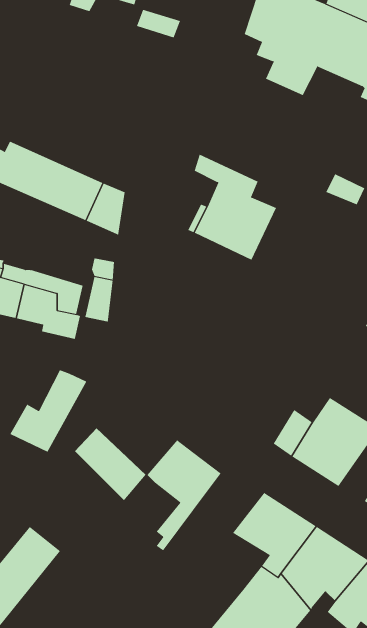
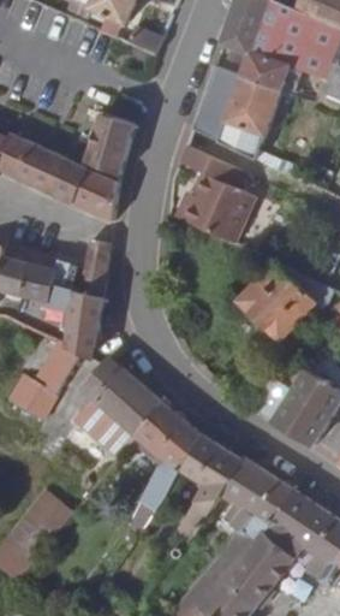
building: none -> [190,64,280,170]
building: none -> [72,107,133,182]
building: none -> [240,262,326,334]
building: none -> [66,295,101,357]
building: none -> [84,365,163,440]
building: none -> [166,439,243,540]

